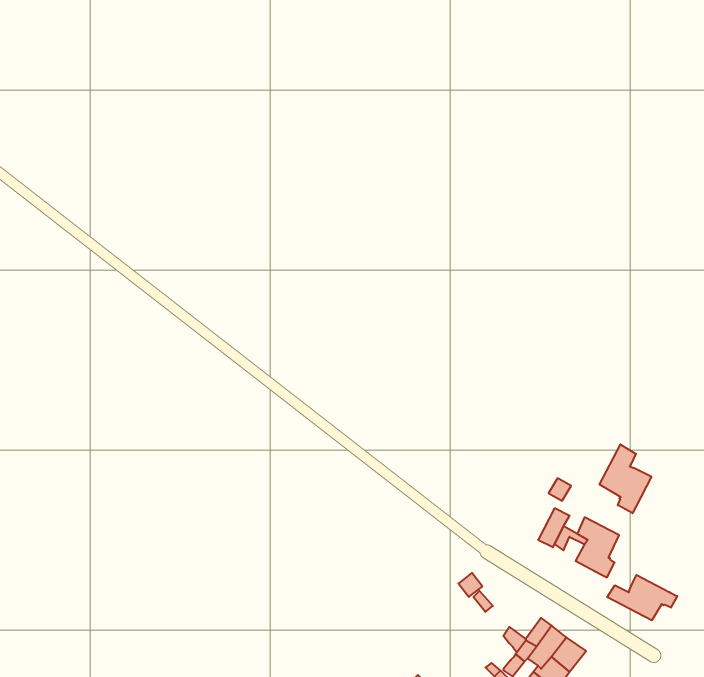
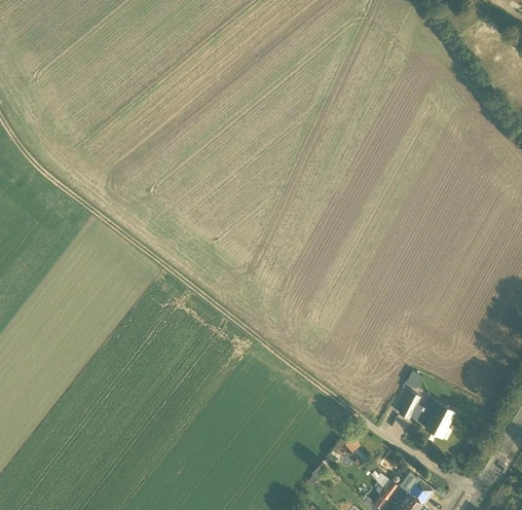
building: [600,444,651,513] -> none
building: [607,575,677,620] -> none

